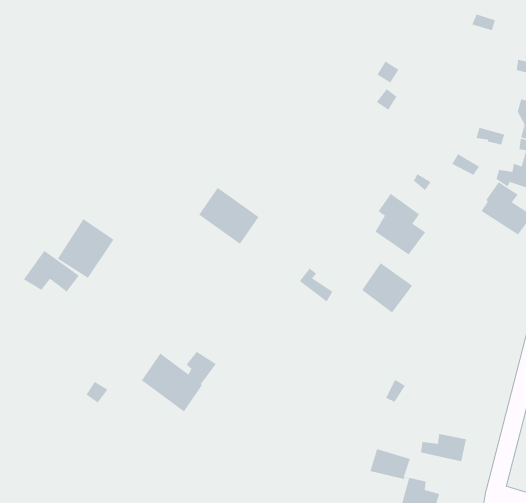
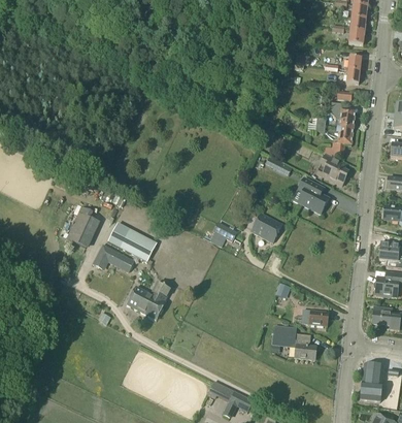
building: [198,187,260,245] -> [120,227,157,260]
building: [375,193,426,255] -> [298,176,329,213]
building: [23,250,80,293] -> [92,243,126,268]

